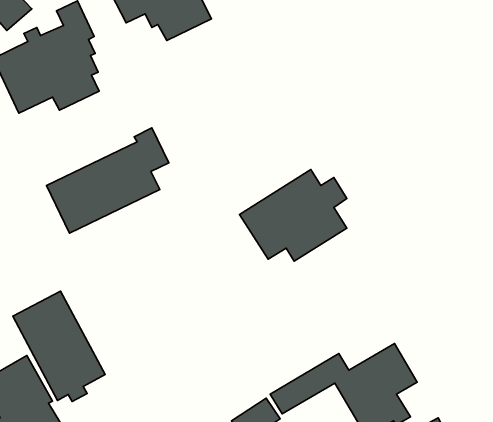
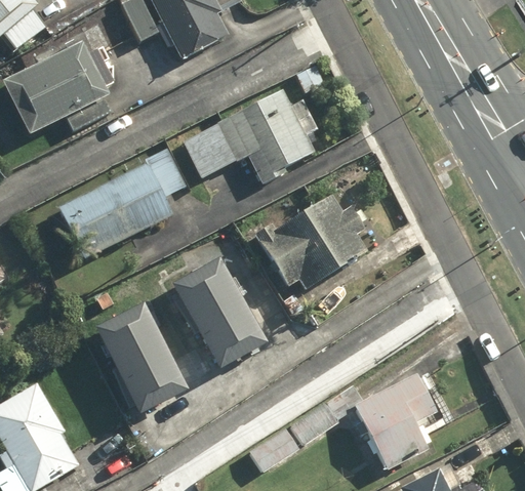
building: none -> [181,91,315,185]
building: none -> [172,255,268,369]
building: [13,291,105,401] -> [92,303,188,417]

